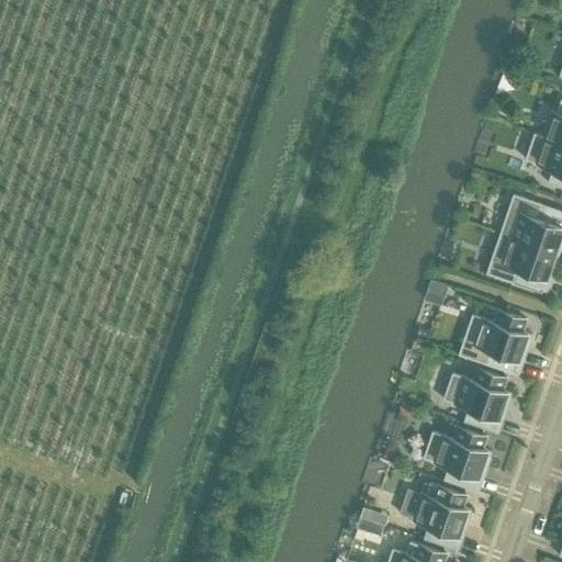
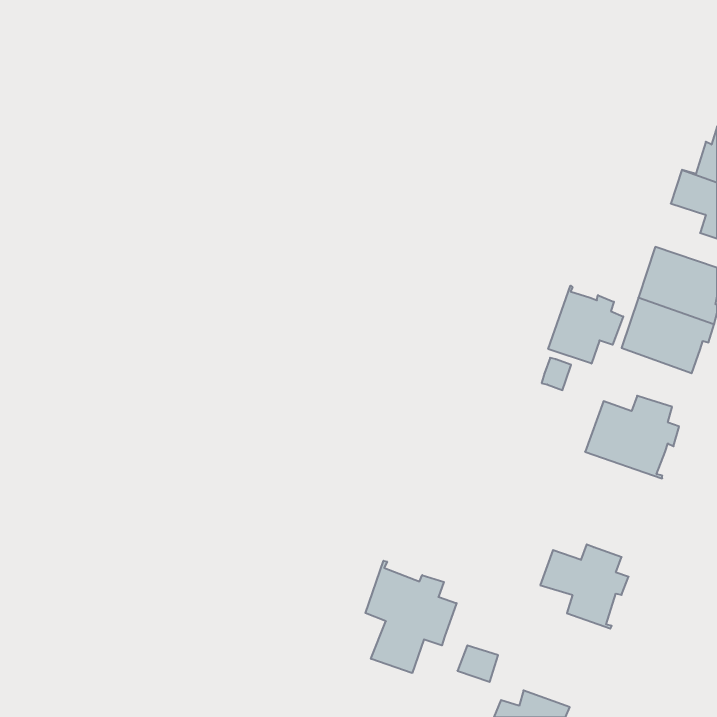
building: none -> [548,286,623,364]
building: [443,368,512,432] -> none
building: none -> [365,561,457,673]
building: [413,482,472,550] -> none

